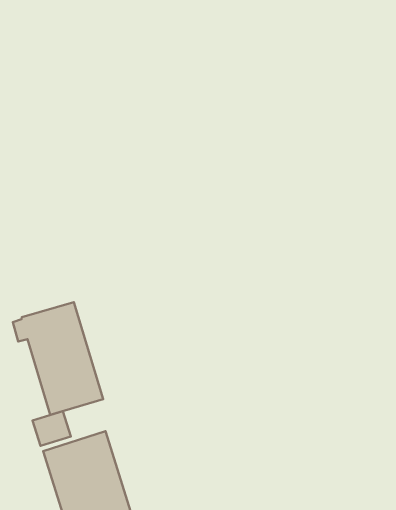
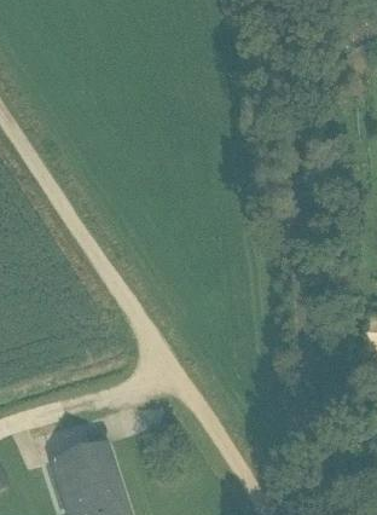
building: [13,302,103,415] -> none

